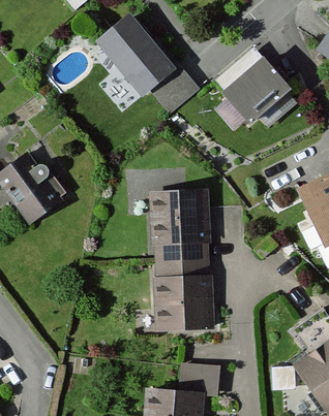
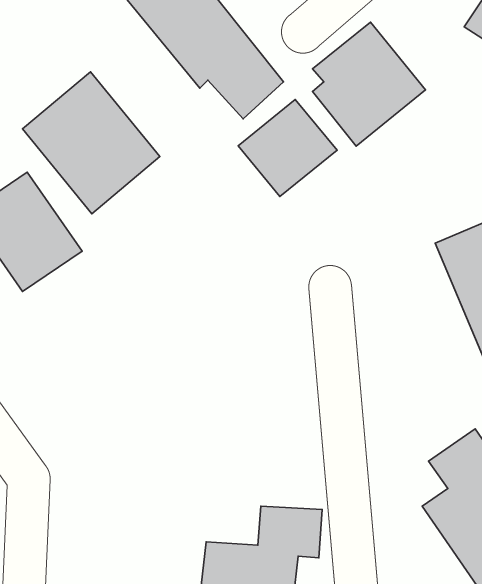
building: none -> [23,72,160,214]
building: none -> [238,100,337,196]
building: [149,186,216,329] -> none

